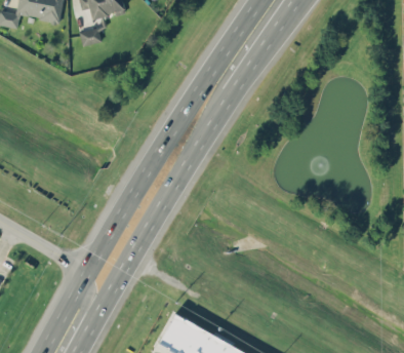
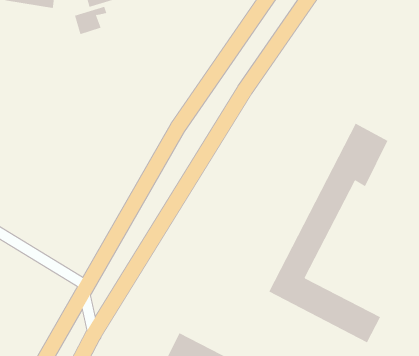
building: none -> [268,123,388,343]

